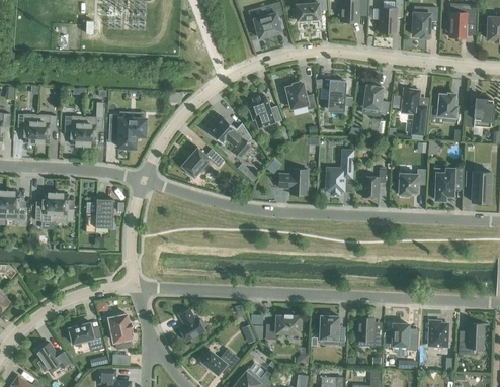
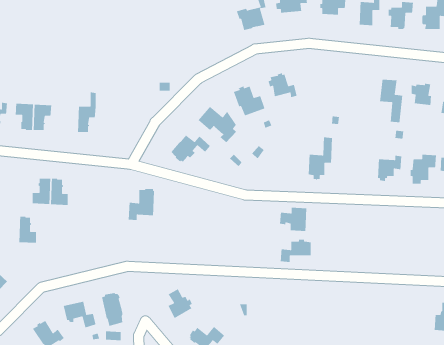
building: [324,80,352,111] -> none
building: [363,84,389,114] -> none
building: [108,114,146,148] -> none
building: [64,116,84,146] -> none
building: [278,169,308,195] -> [279,207,307,232]
building: [362,170,386,198] -> none
building: [6,190,25,220] -> [18,215,37,244]
building: [85,199,114,233] -> [128,188,156,221]
building: [320,313,345,345] -> none
building: [265,314,299,340] -> [280,239,312,263]
building: [356,317,382,347] -> none
building: [428,321,447,347] -> none
building: [392,322,418,350] -> none

